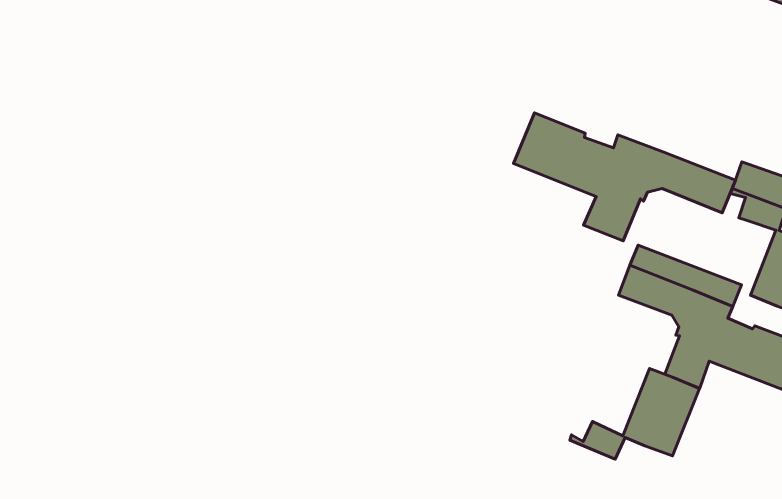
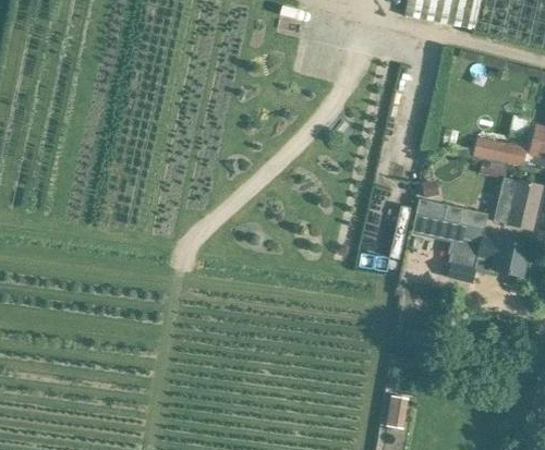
building: [513,113,736,241] -> none
building: [570,369,699,459] -> none

